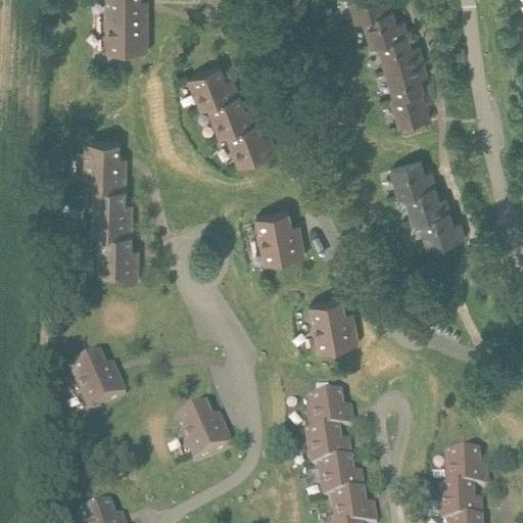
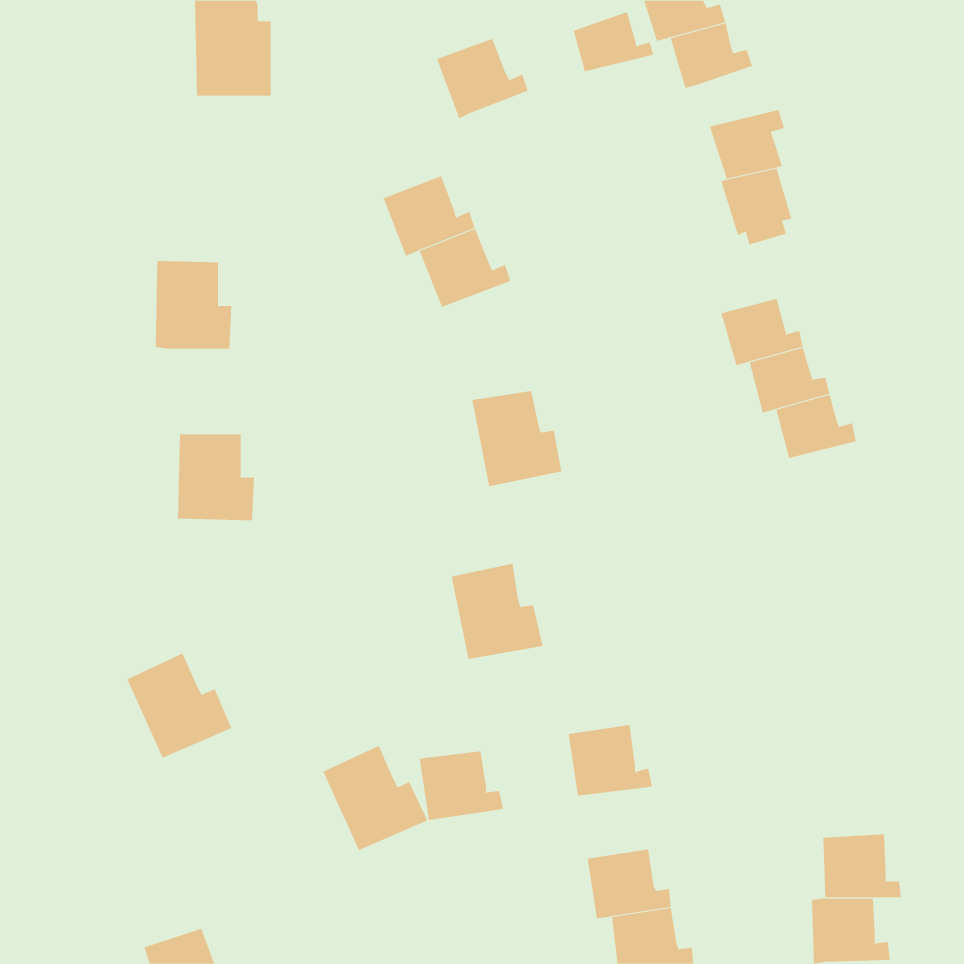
building: [378,36,422,68] -> [573,12,654,72]
building: [189,66,239,110] -> [436,38,529,119]
building: [90,189,132,235] -> none
building: [308,298,359,350] -> [451,563,543,659]
building: [305,428,351,466] -> [419,751,504,821]

